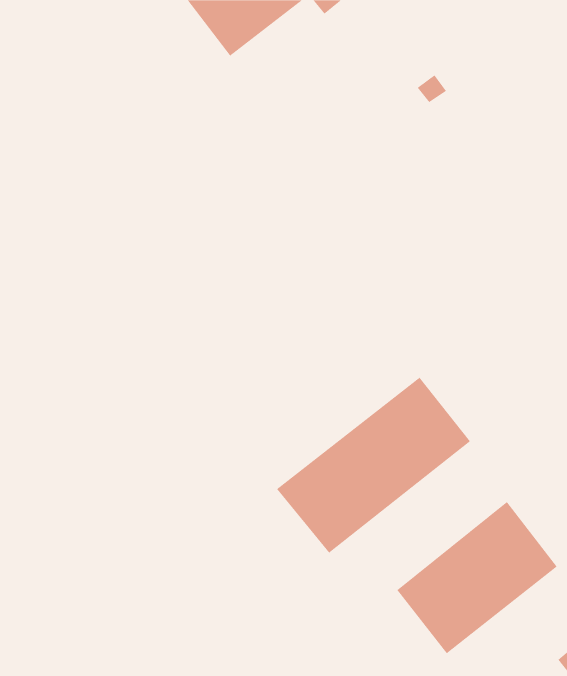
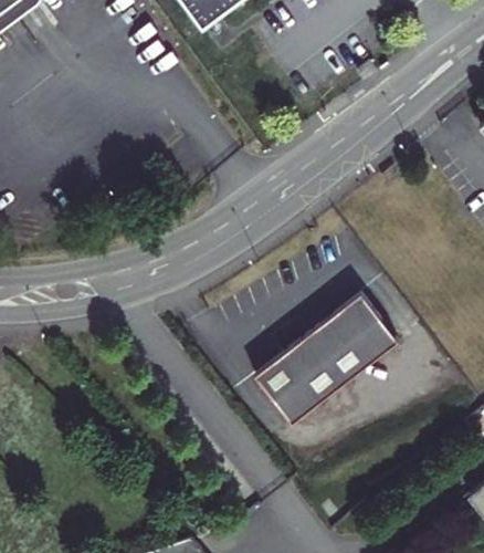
building: [396,501,557,654] -> none

